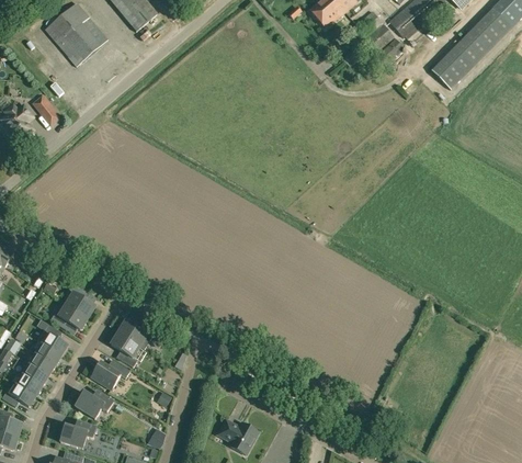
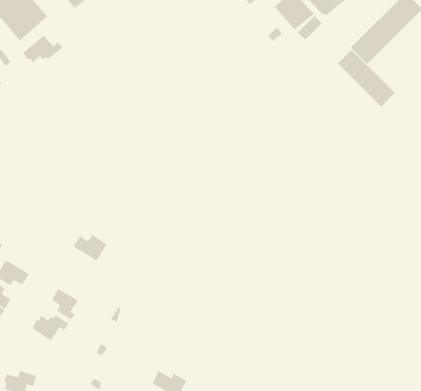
building: none -> [23,35,63,64]
building: none -> [337,49,395,107]
building: [65,283,94,317] -> none
building: [117,319,155,349] -> [73,234,107,262]
building: [73,391,112,418] -> none

